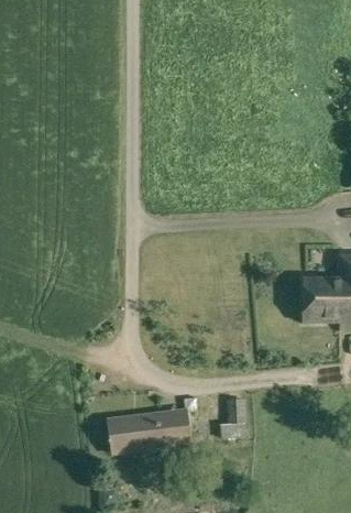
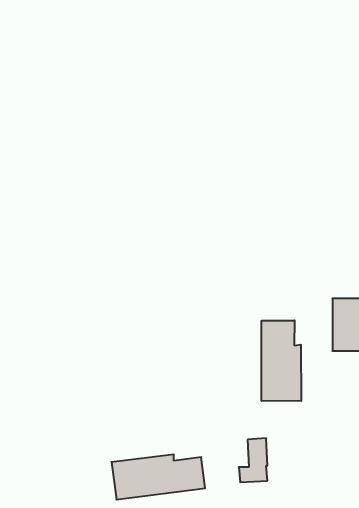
building: none -> [262,320,301,401]

